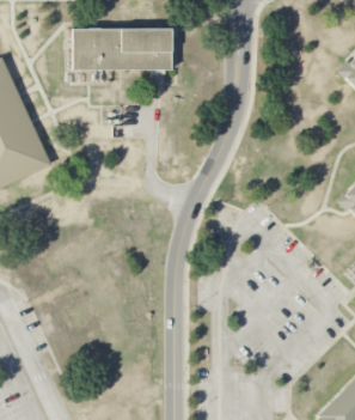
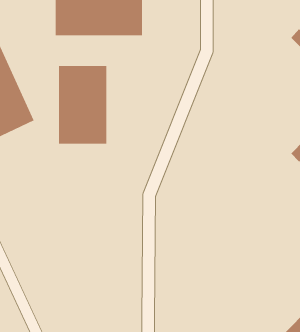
building: none -> [59,65,107,144]

